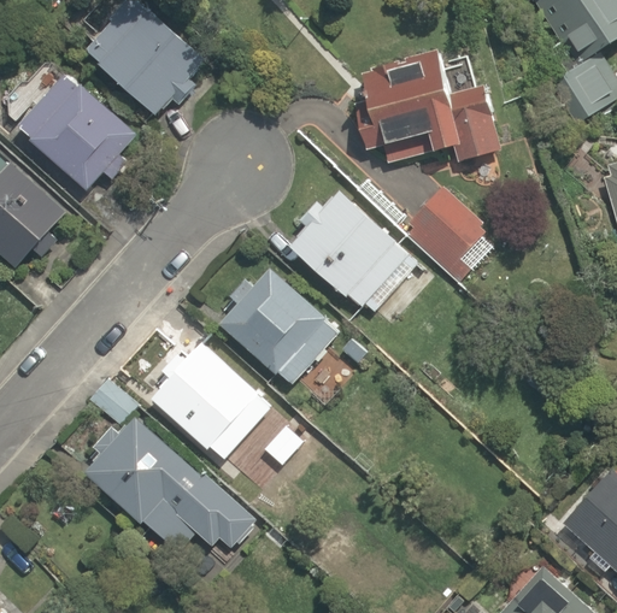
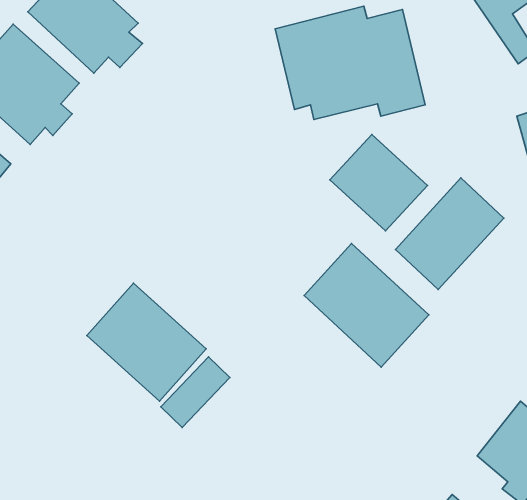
building: [287,185,419,317] -> [304,243,429,367]
building: none -> [395,178,504,290]
building: [215,261,345,388] -> none
building: [82,413,262,554] -> none

